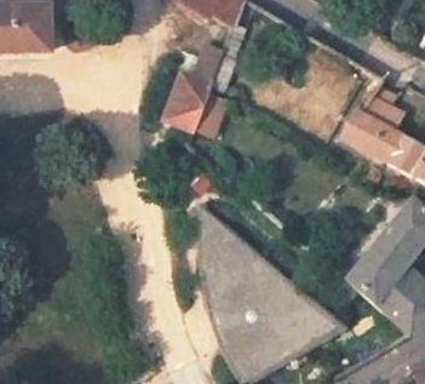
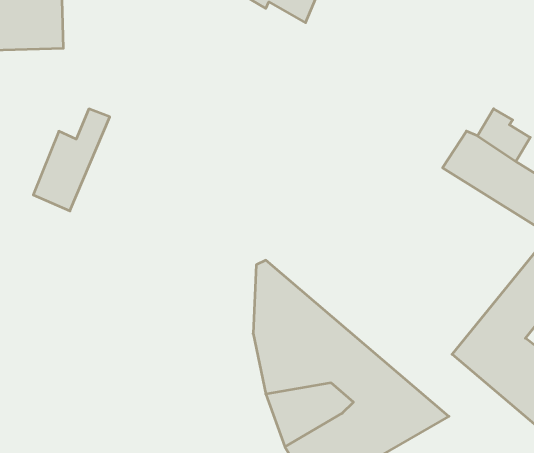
building: [165,53,223,131] -> [33,109,110,211]

